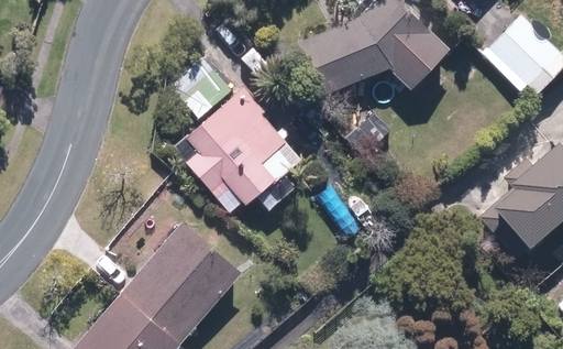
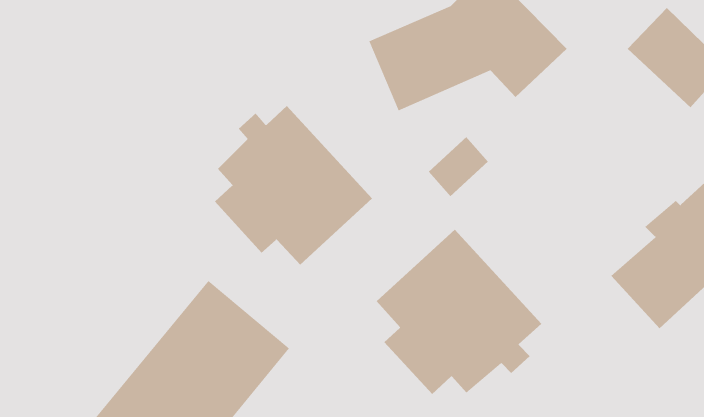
building: none -> [376,229,542,395]

